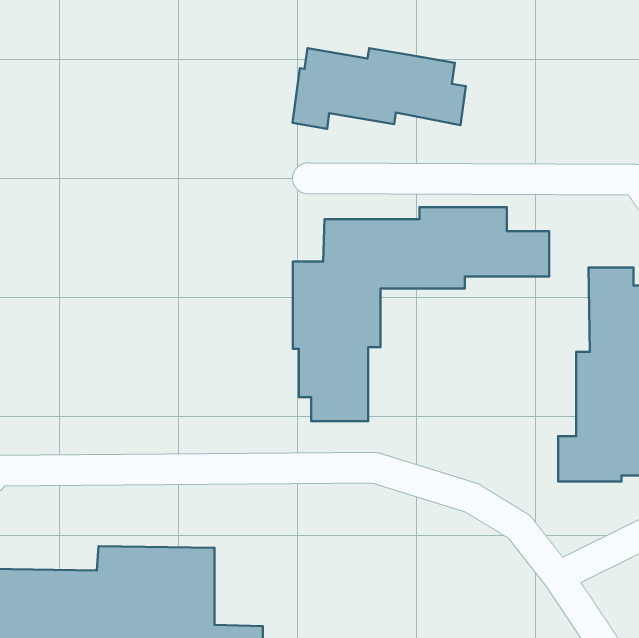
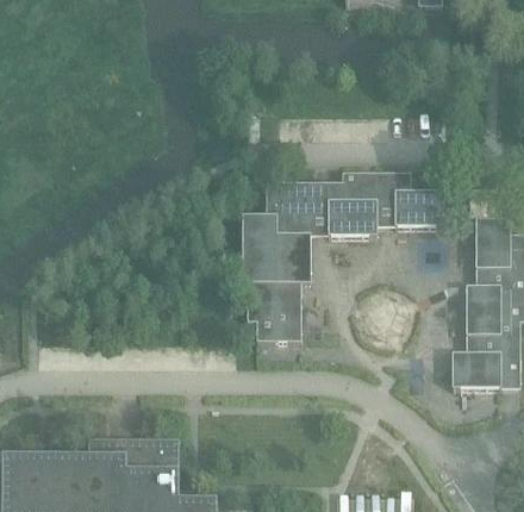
building: [292,48,466,129] -> none

